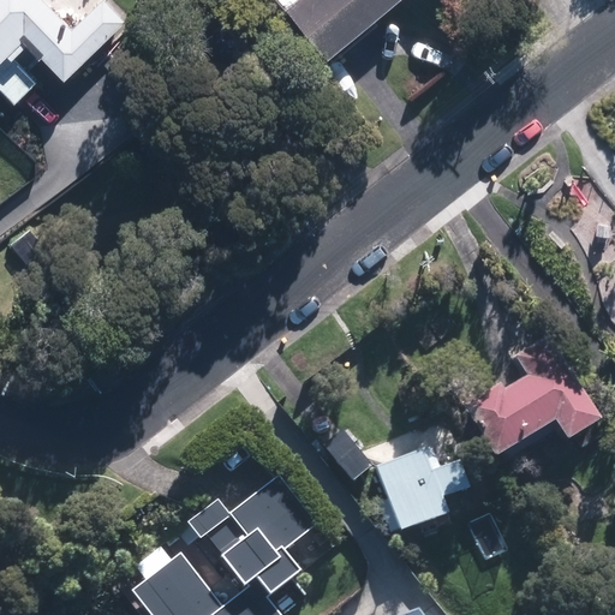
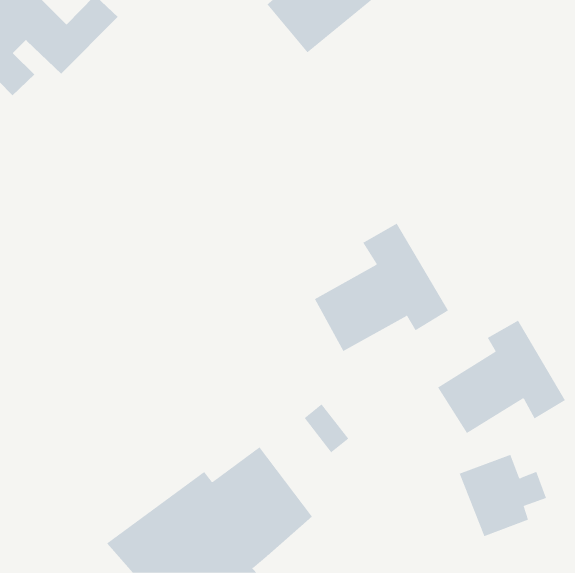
building: none -> [314,223,449,352]
building: [376,446,470,533] -> [459,454,547,537]

